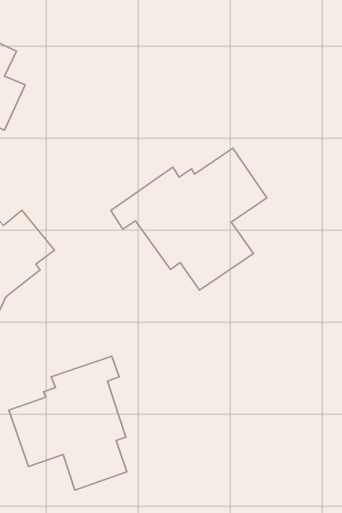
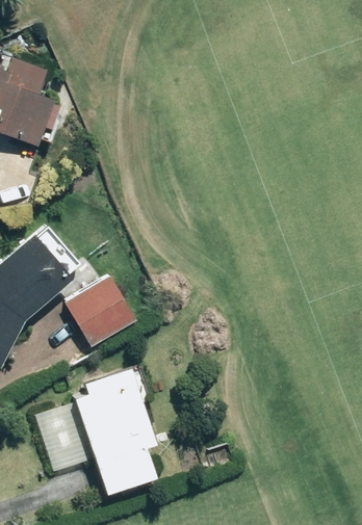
building: [111,148,267,290] -> none
building: none -> [67,273,144,348]

